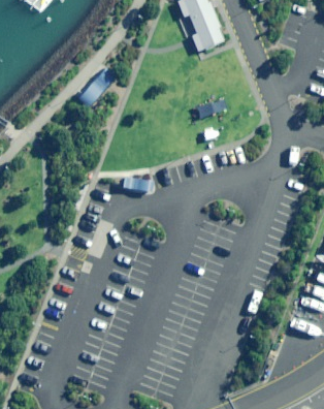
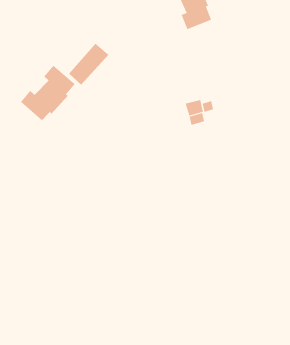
building: none -> [20,65,75,121]

